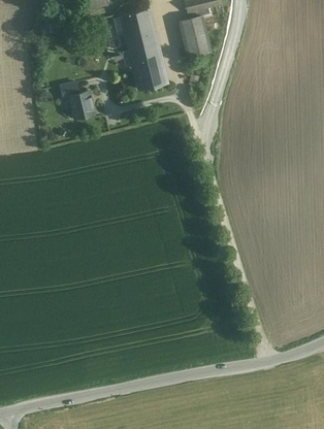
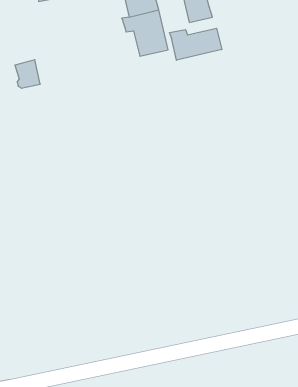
building: none -> [170,28,222,60]
building: [68,89,93,117] -> [15,60,40,88]

